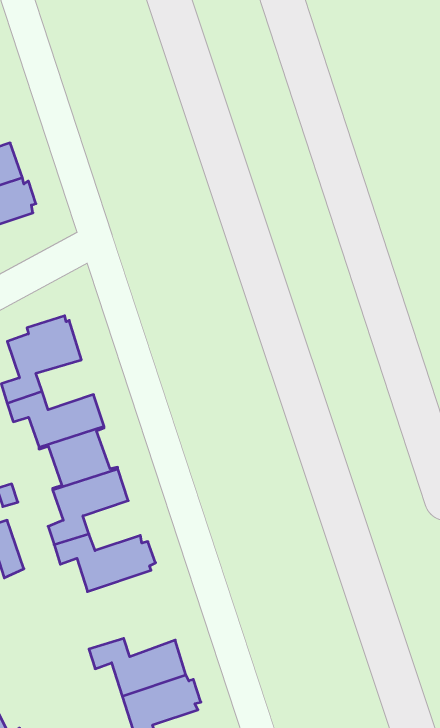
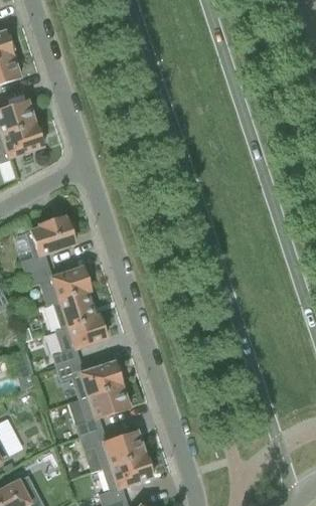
building: none -> [75,383,129,436]

